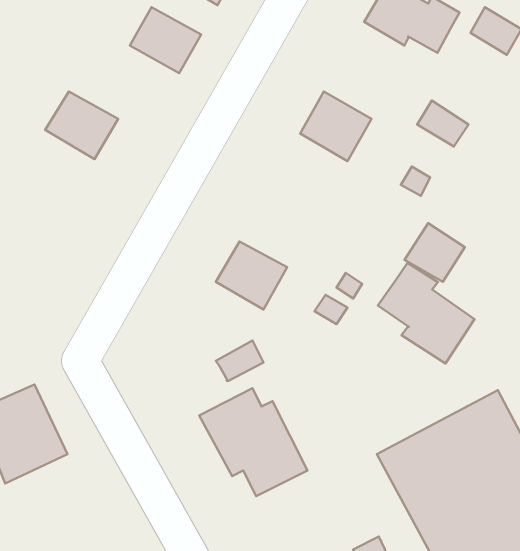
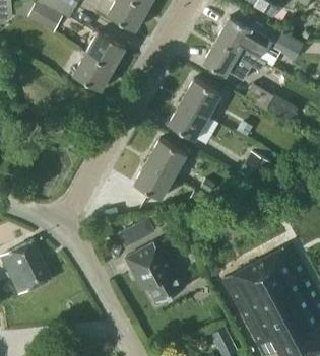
building: none -> [202,41,264,82]
building: [45,92,118,159] -> [72,54,113,91]
building: none -> [167,102,206,140]
building: none -> [146,139,185,176]
building: [378,263,474,364] -> none

